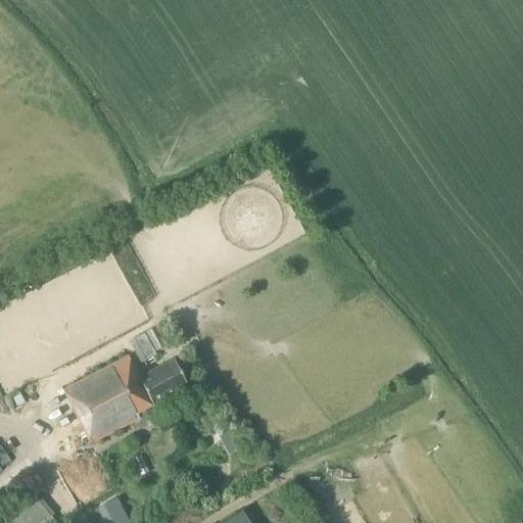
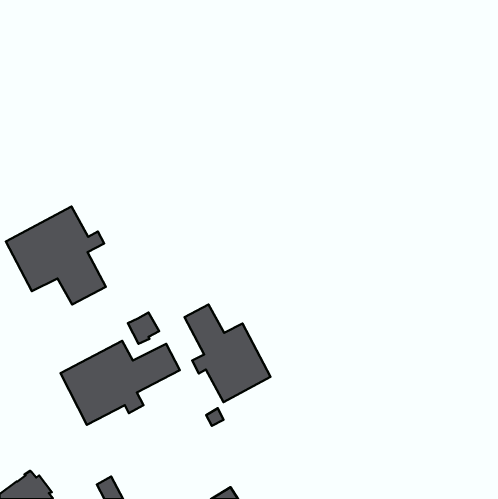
building: none -> [6,206,106,305]
building: none -> [185,305,270,402]

